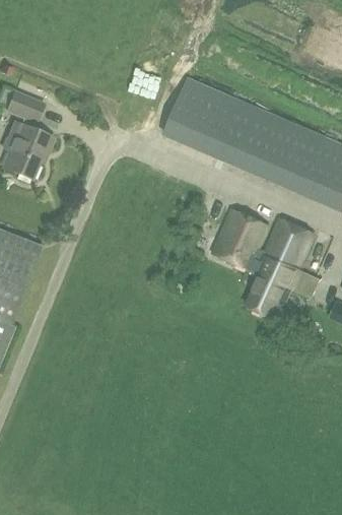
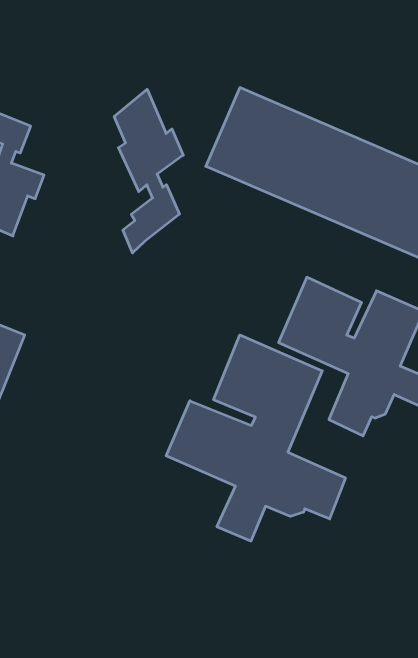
building: none -> [114,89,183,253]
building: none -> [166,335,345,541]

